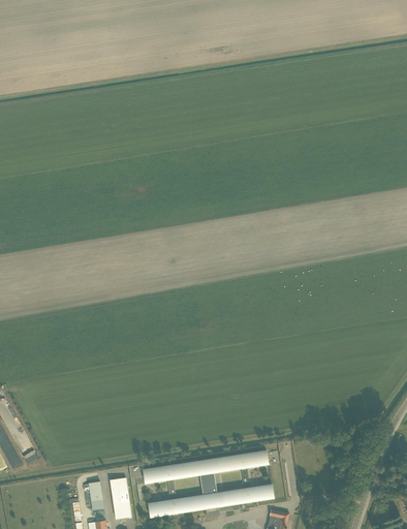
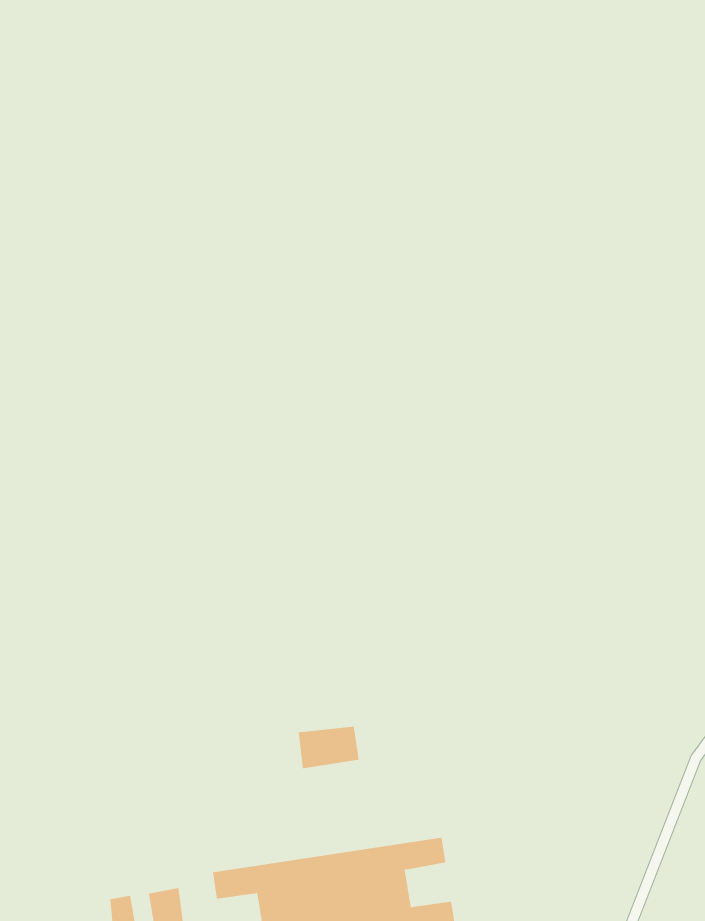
building: none -> [298,726,359,769]

